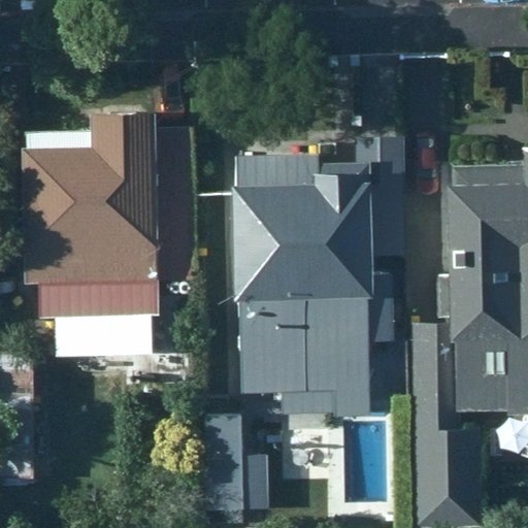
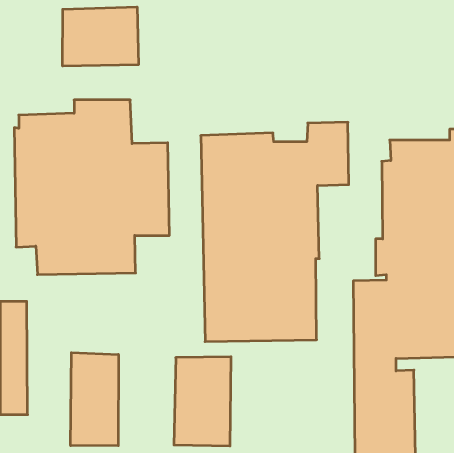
building: none -> [63,7,138,66]
building: none -> [71,353,118,446]

